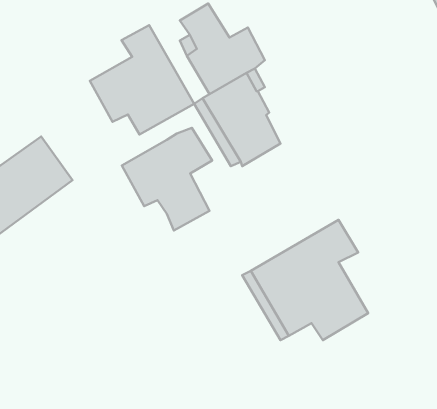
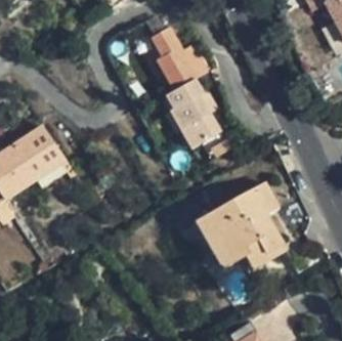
building: [90,25,194,135] -> none
building: [122,128,212,230] -> none

